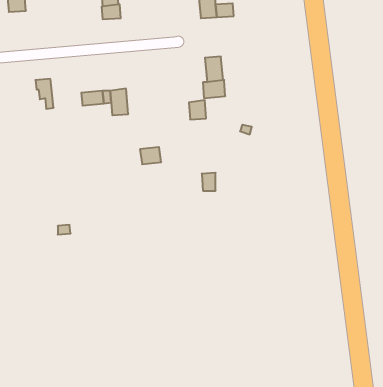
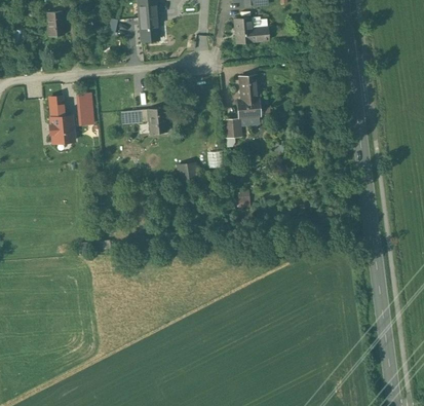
building: none -> [51,93,74,139]

